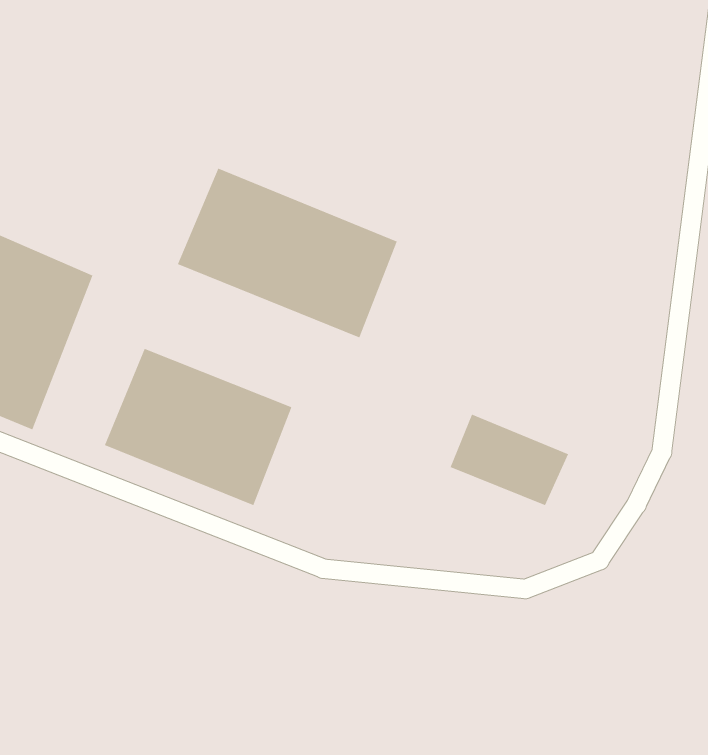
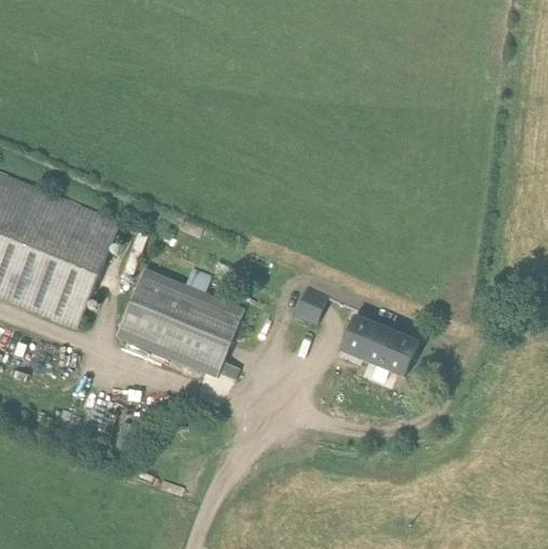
building: [177,167,398,338] -> none
building: none -> [291,283,330,321]

